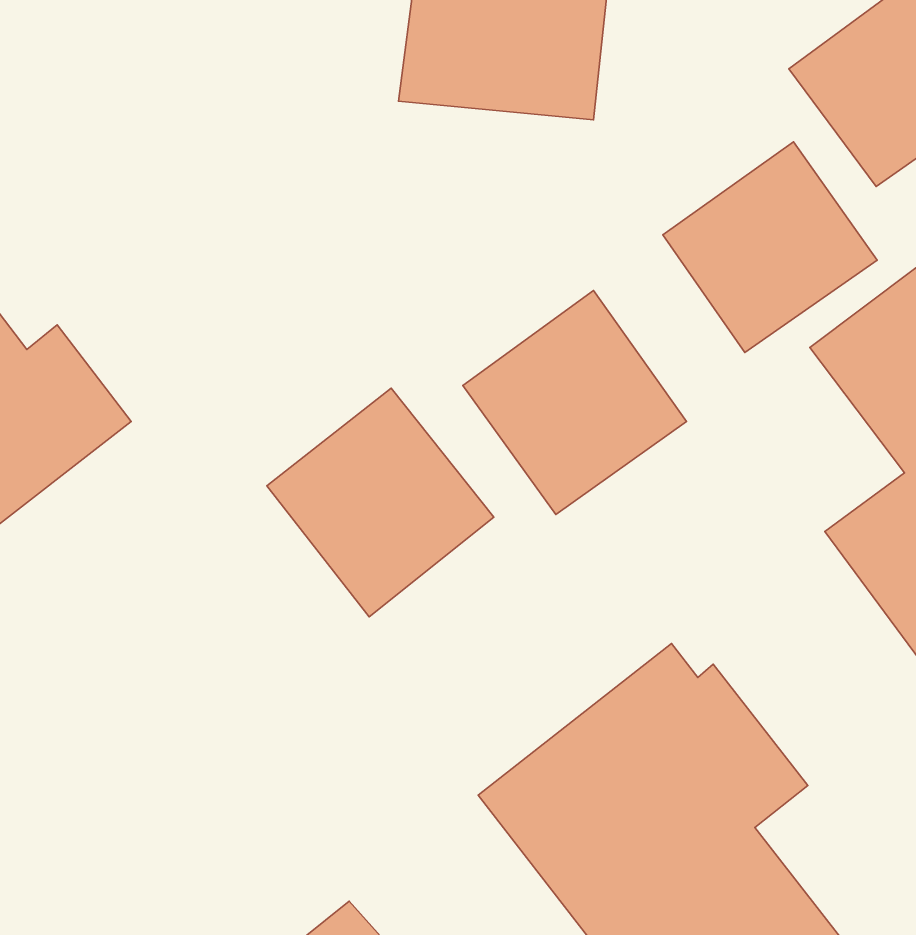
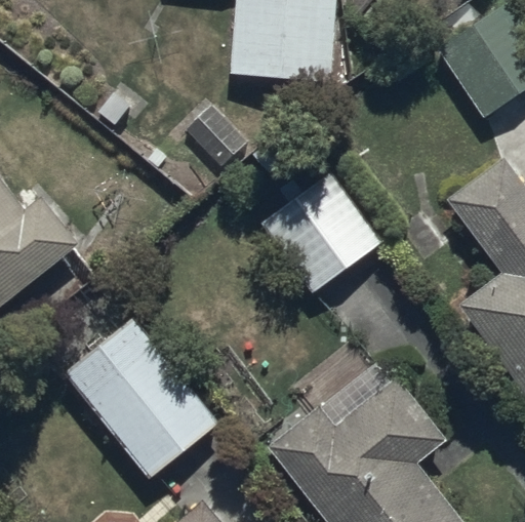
building: [663,142,877,352] -> none
building: [267,388,494,617] -> none
building: none -> [62,316,217,479]

